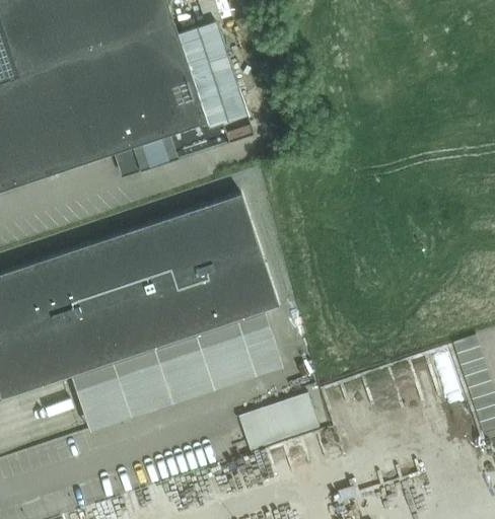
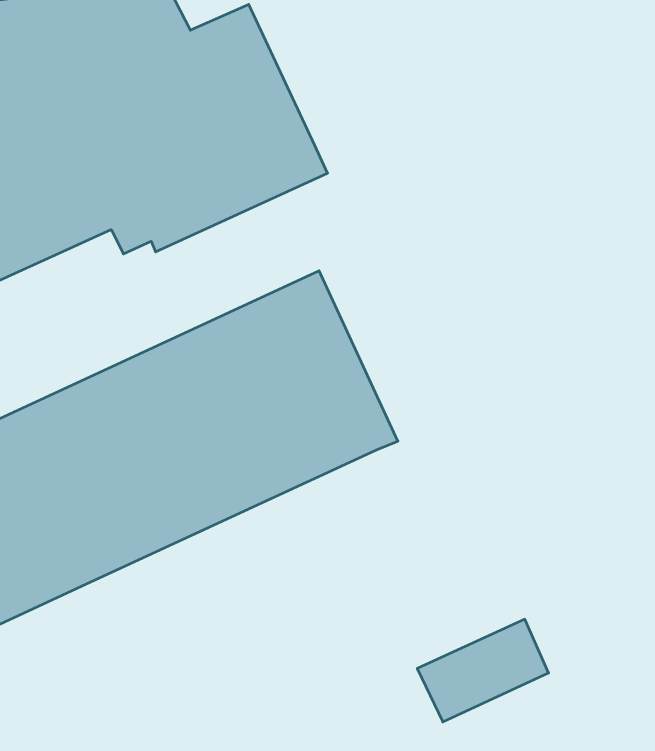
building: [69,309,283,431] -> none
building: [236,391,319,450] -> [417,619,549,722]

